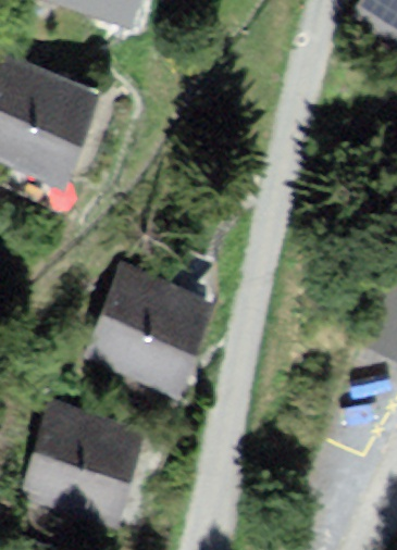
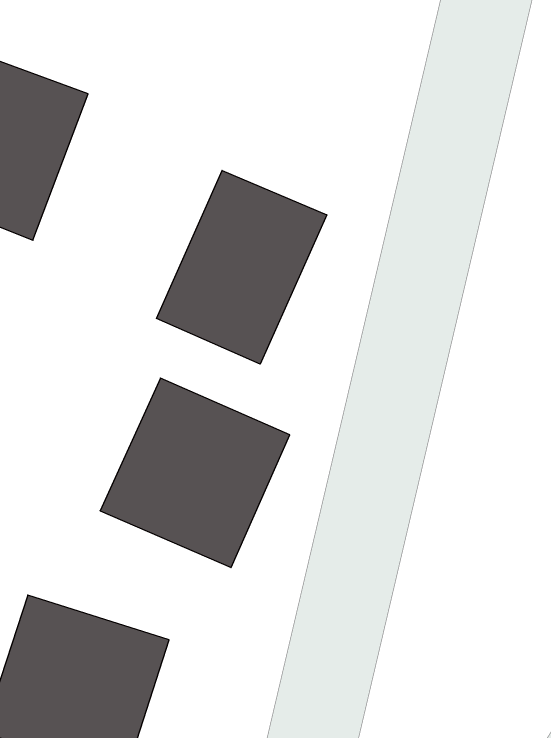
building: none -> [157,170,327,364]

